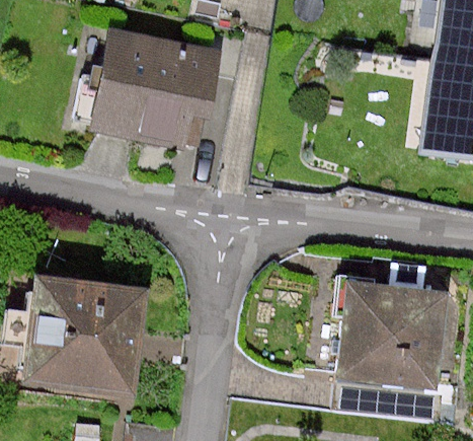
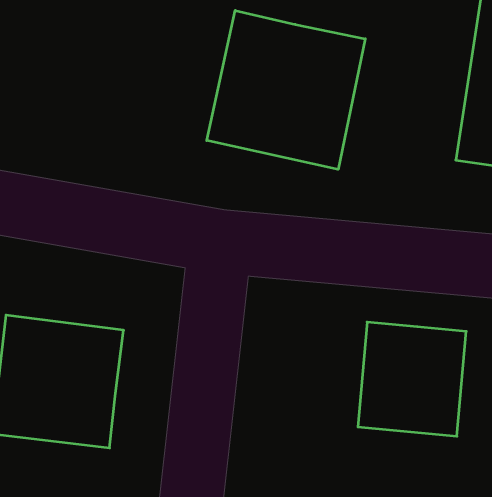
building: none -> [207,10,365,169]
building: [92,31,224,145] -> none

